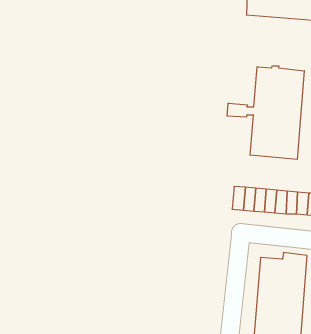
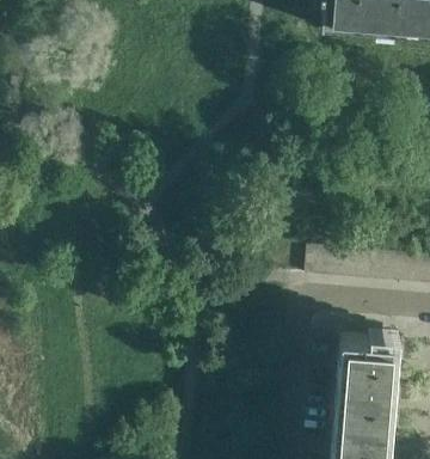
building: [227,66,304,159] -> none

